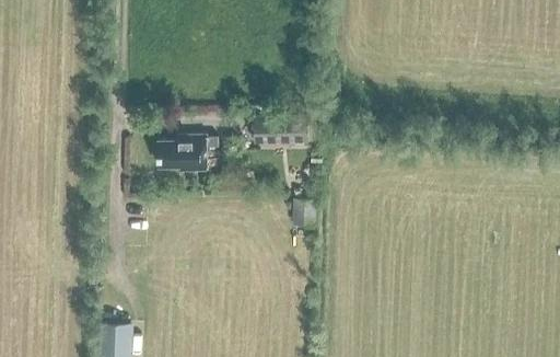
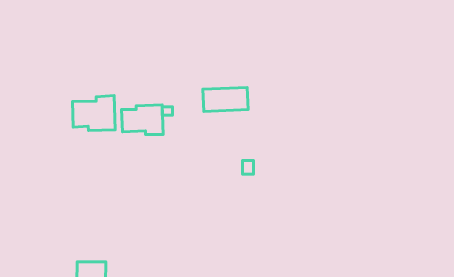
building: none -> [73,96,115,130]

